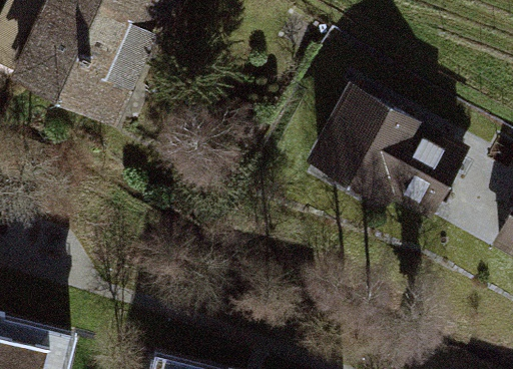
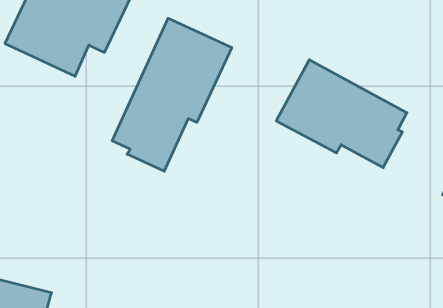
building: none -> [112,18,232,171]

